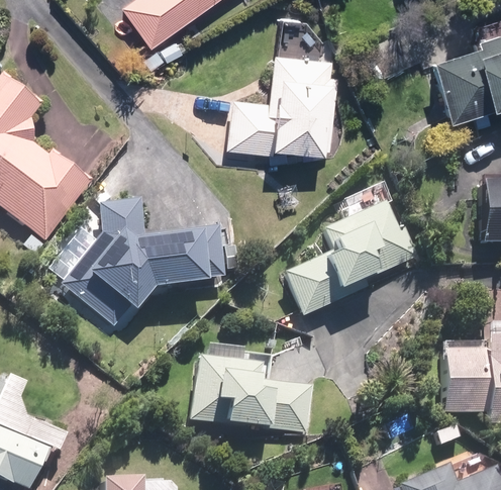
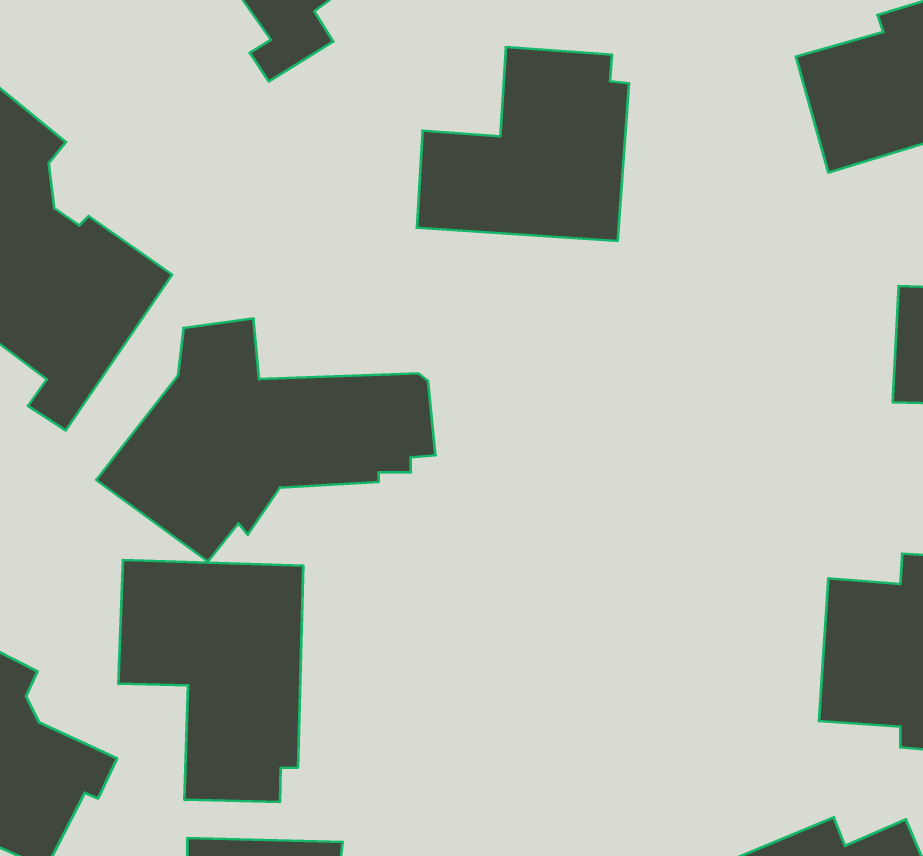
building: [282,197,424,315] -> none
building: none -> [119,560,303,802]
building: [189,332,316,430] -> none

